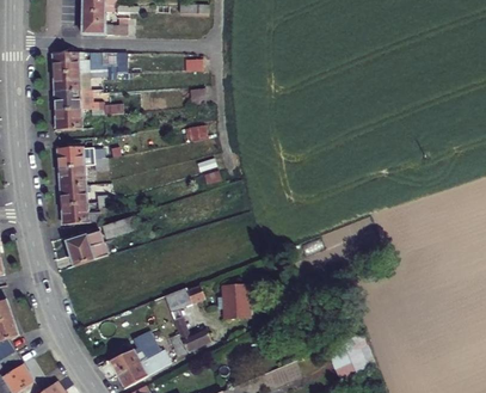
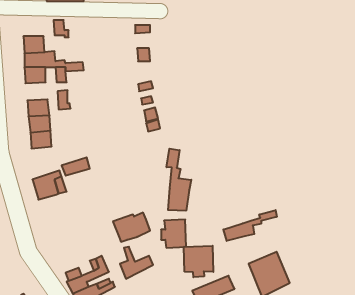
building: [54,53,85,72] -> none
building: [64,203,103,225] -> none
building: none -> [167,149,191,211]
building: none -> [223,210,277,241]
building: none -> [184,246,213,277]

